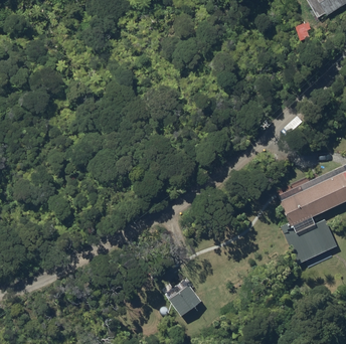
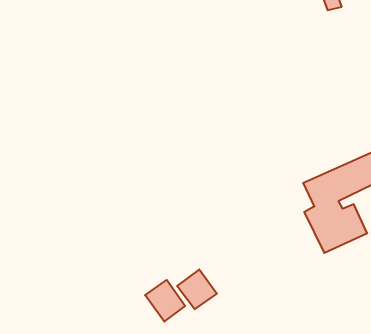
building: none -> [145,280,185,322]

